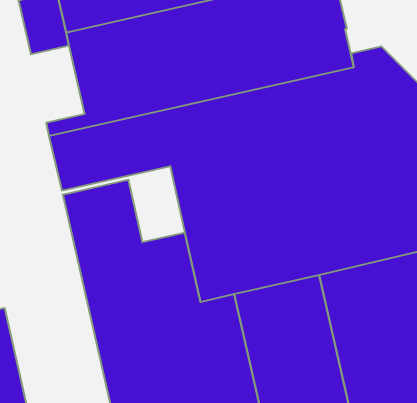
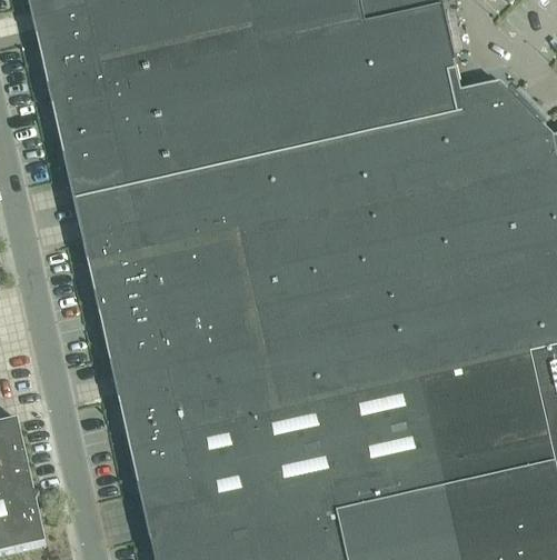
building: none -> [51,88,120,187]
building: none -> [91,242,249,340]

